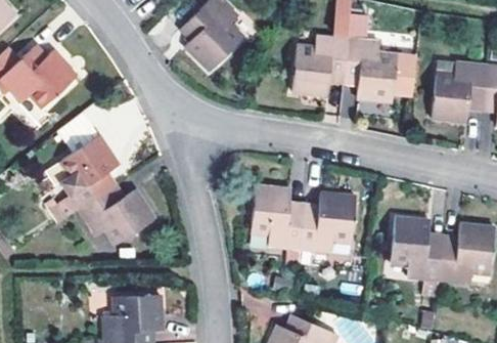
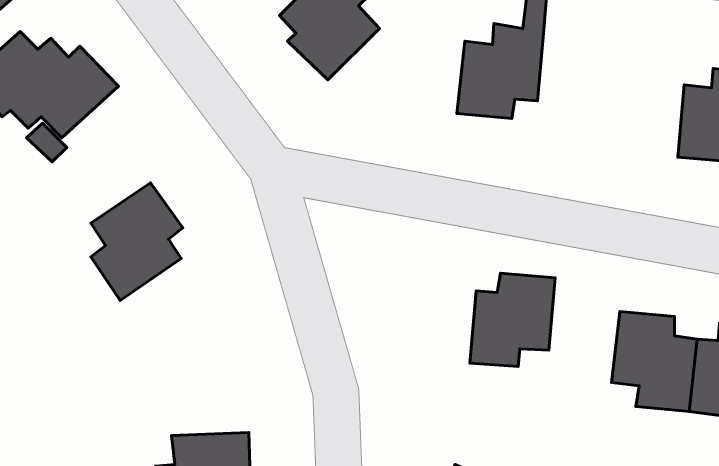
building: [344,38,417,101] -> none
building: [79,183,154,244] -> none
building: [251,186,305,250] -> none

